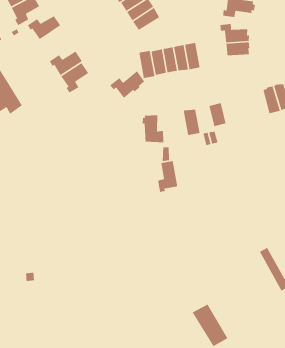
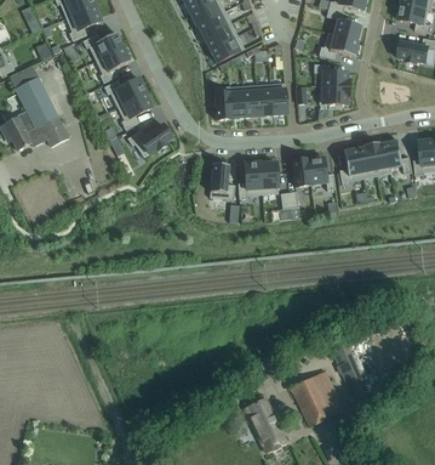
building: none -> [96,45,130,81]
building: [109,70,145,99] -> [127,123,171,155]
building: none -> [339,147,362,185]
building: none -> [307,155,334,188]
building: [157,160,178,193] -> [237,160,262,198]
building: none -> [291,369,343,425]

